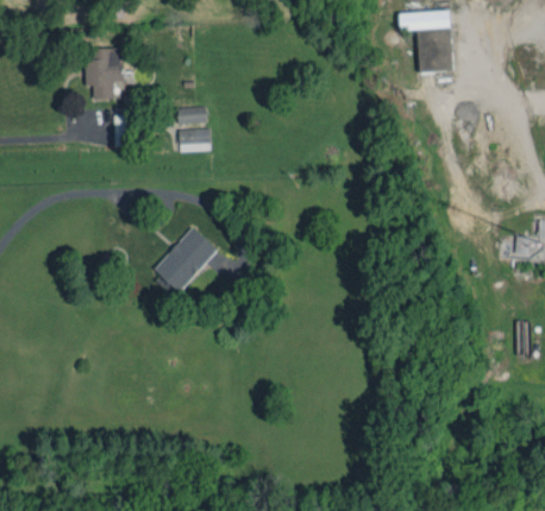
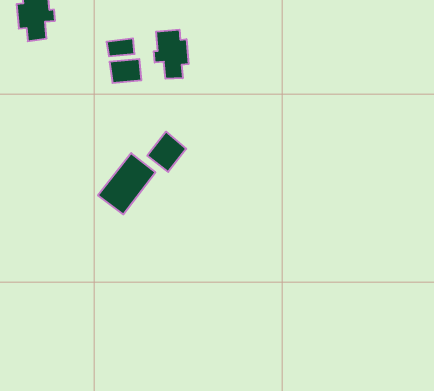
building: none -> [154,30,189,79]
building: none -> [147,132,186,172]

